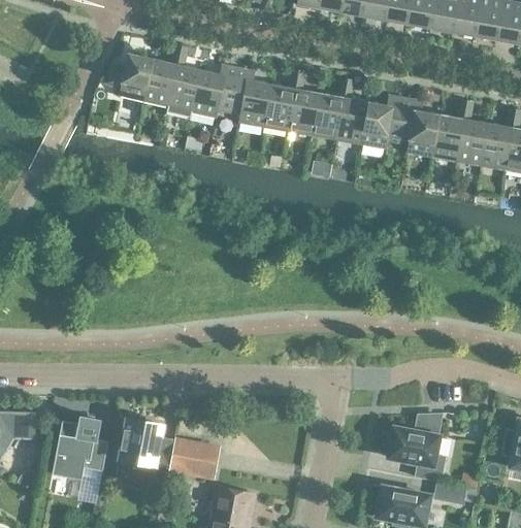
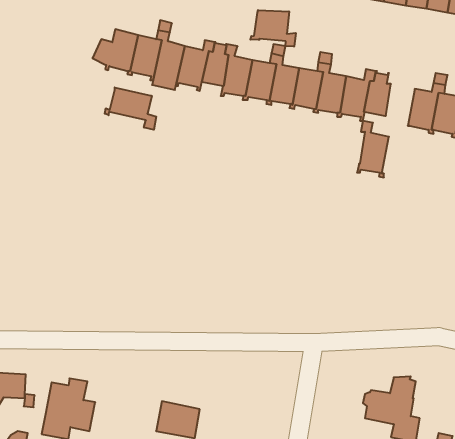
building: none -> [250,10,296,47]
building: [406,100,439,159] -> [357,121,389,177]
building: none -> [105,87,156,130]
building: [118,419,173,474] -> none

